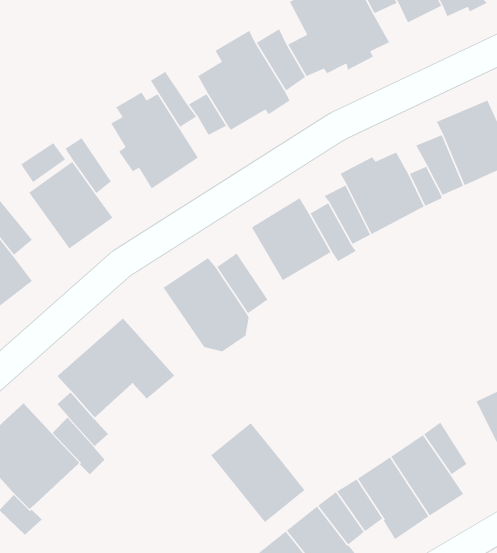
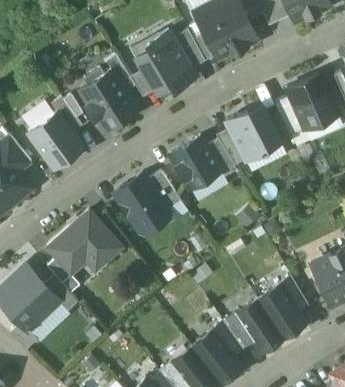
building: [210,422,306,523] -> none

